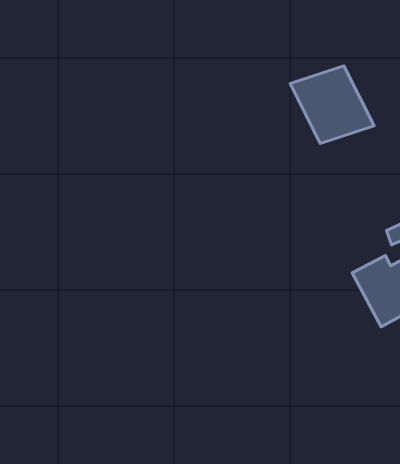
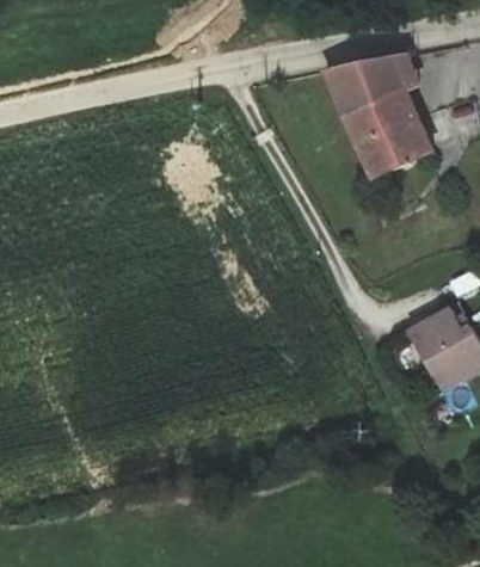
building: none -> [320,53,414,107]

